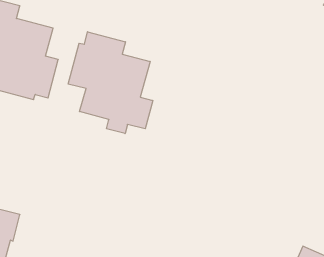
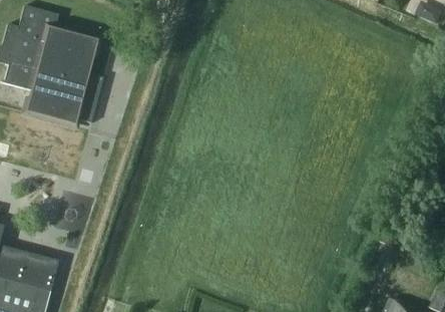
building: [68,32,153,134] -> none

